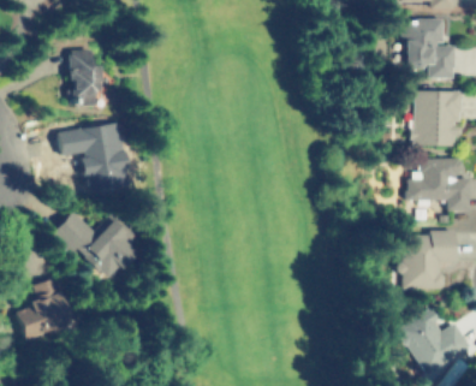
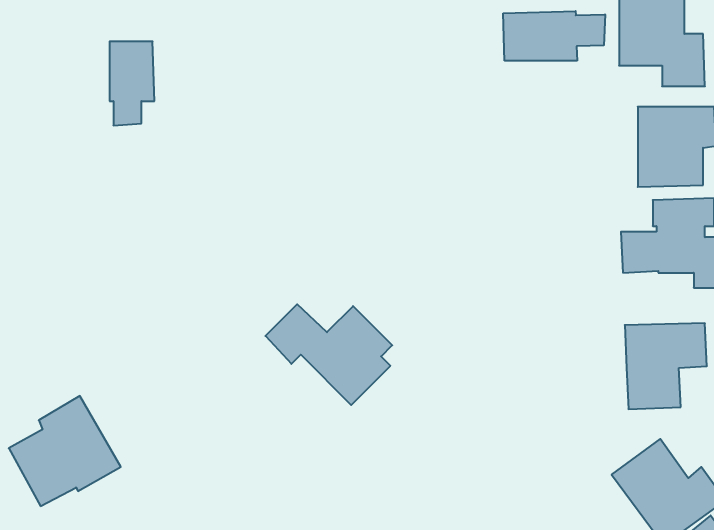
building: none -> [503,11,605,61]
building: [55,126,127,192] -> none
building: [55,214,137,279] -> [265,304,392,405]

